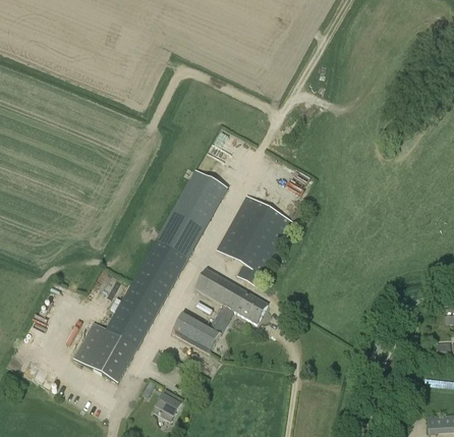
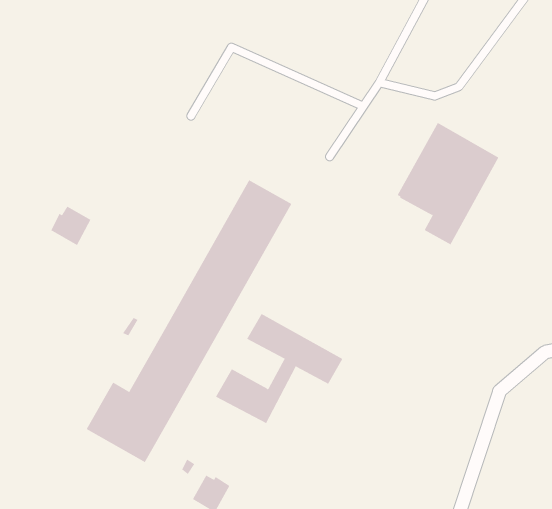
building: none -> [51,206,91,246]
building: [216,194,293,286] -> [397,122,499,245]

